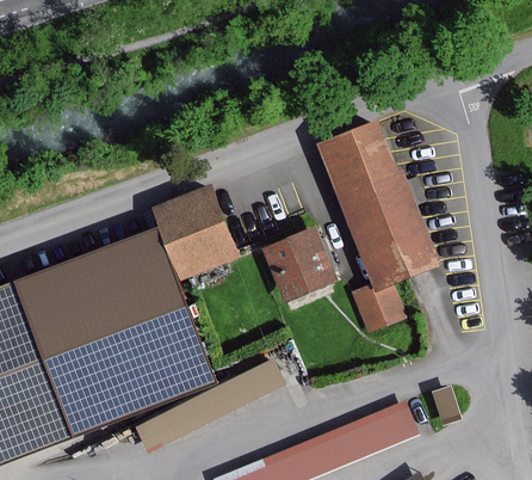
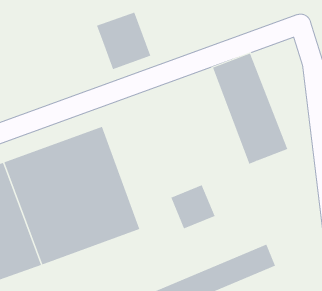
building: [155,190,235,275] -> [96,12,151,70]
building: [266,229,332,295] -> [170,184,215,229]
building: [351,281,401,331] -> none

